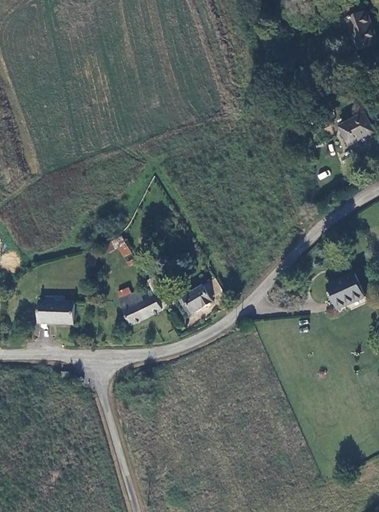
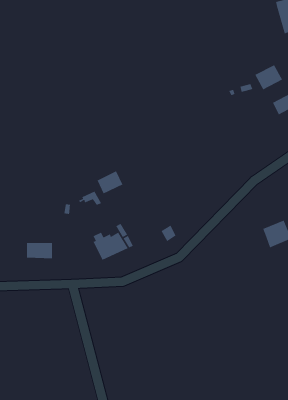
building: none -> [254,64,283,90]
building: none -> [96,170,123,194]
building: [178,288,209,316] -> none

